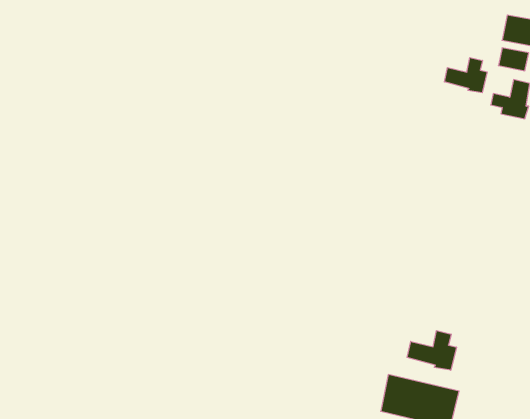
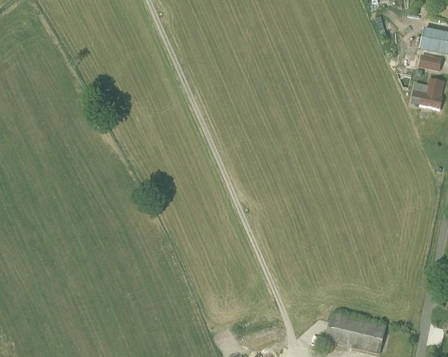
building: [444,58,487,93] -> none
building: [407,331,456,370] -> none

